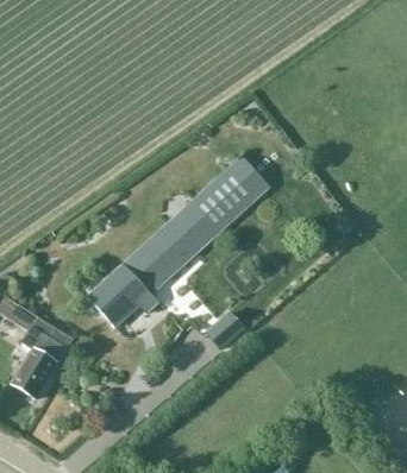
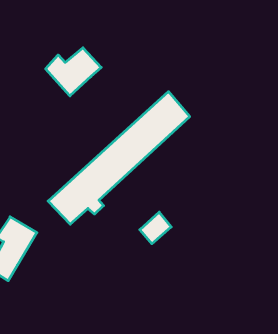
building: none -> [46,48,101,96]

